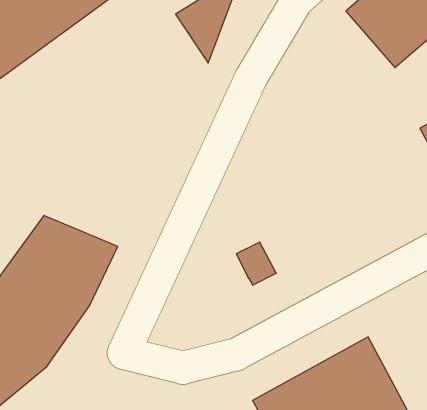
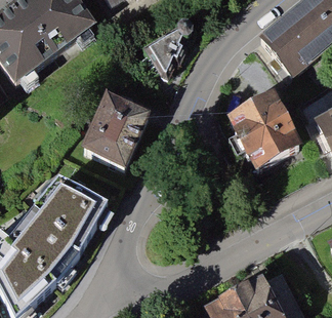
building: none -> [78,89,150,167]
building: none -> [222,93,299,173]

